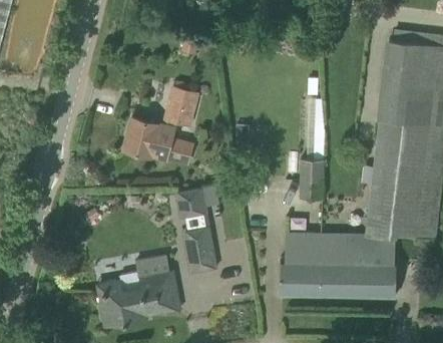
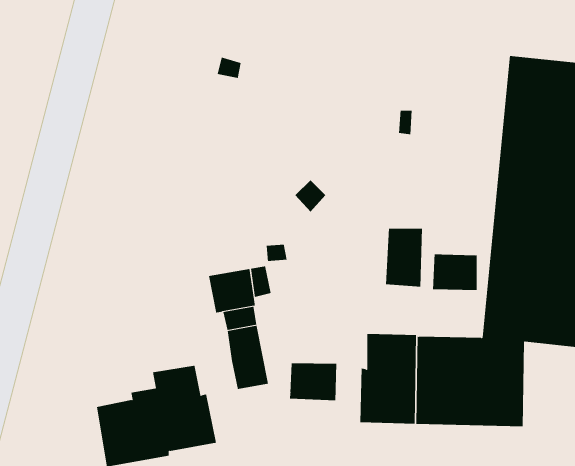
building: [122,87,196,162] -> none
building: none -> [432,253,477,291]
building: none -> [290,363,337,401]

